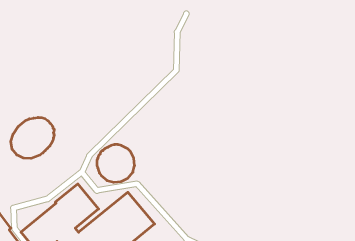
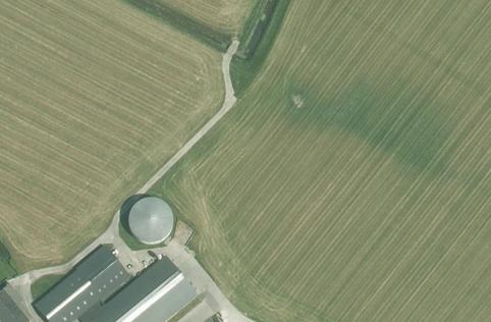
building: [11,117,54,158] -> none

